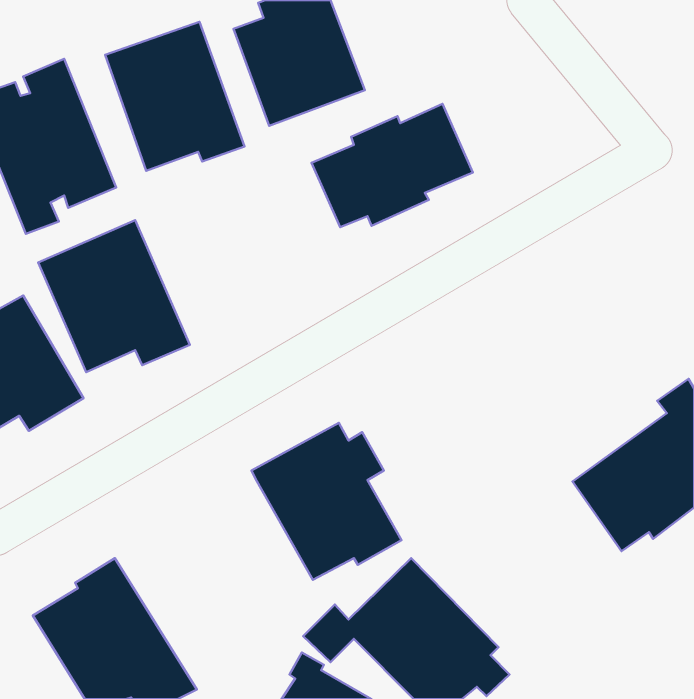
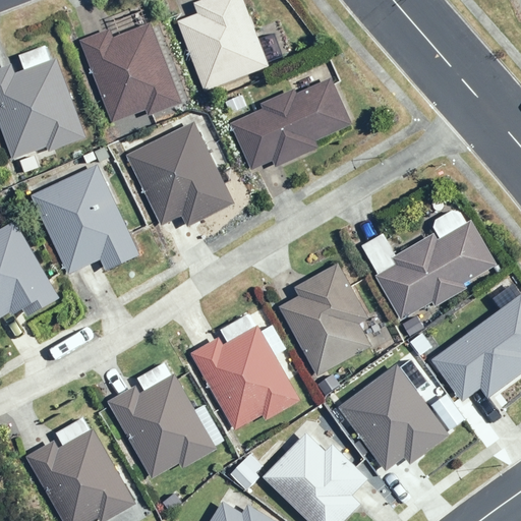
building: none -> [120,118,233,229]
building: none -> [355,210,499,335]
building: none -> [274,264,372,395]
building: none -> [105,360,221,481]
building: none -> [340,364,447,469]

